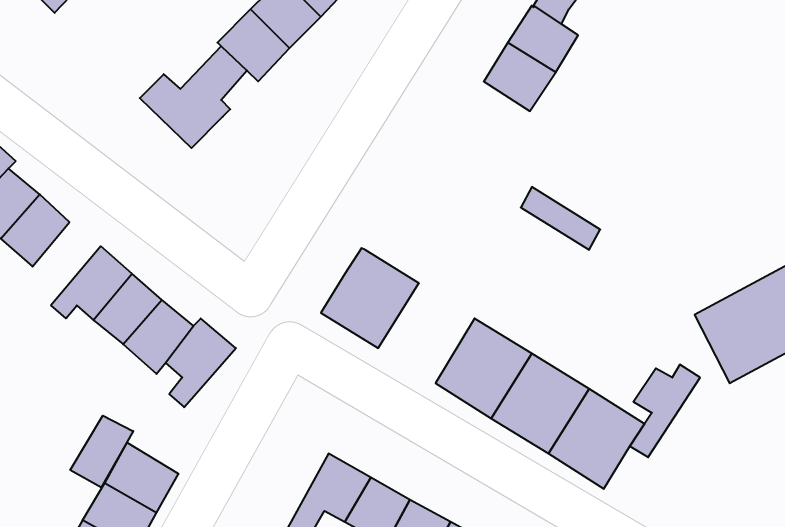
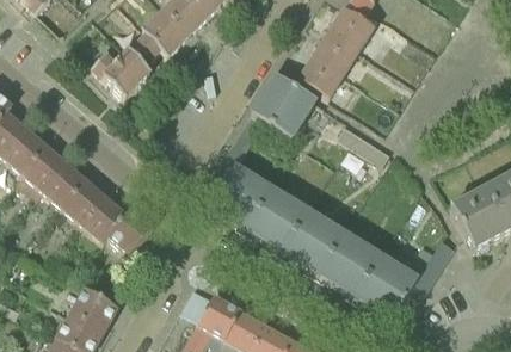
building: none -> [300,55,344,97]
building: none -> [215,72,318,179]
building: none -> [23,146,67,199]
building: none -> [246,185,308,249]
building: [70,416,133,487] -> none

